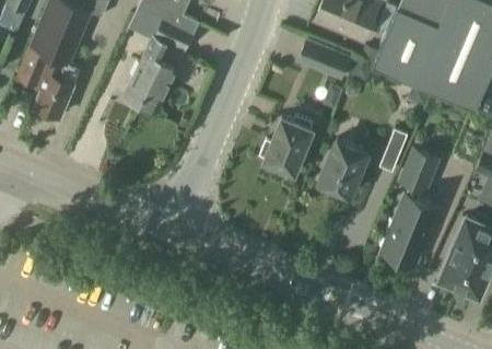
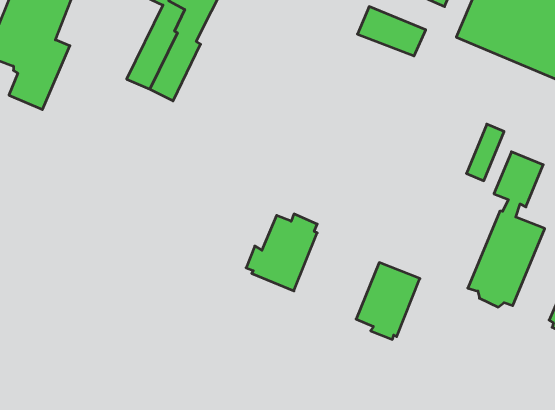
building: [259,117,313,175] -> [246,214,317,291]
building: [319,141,367,199] -> [356,263,420,339]

